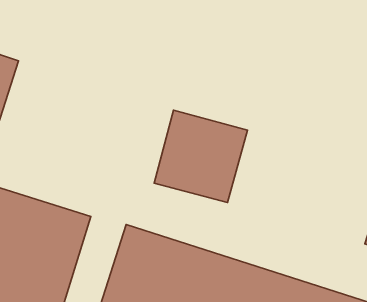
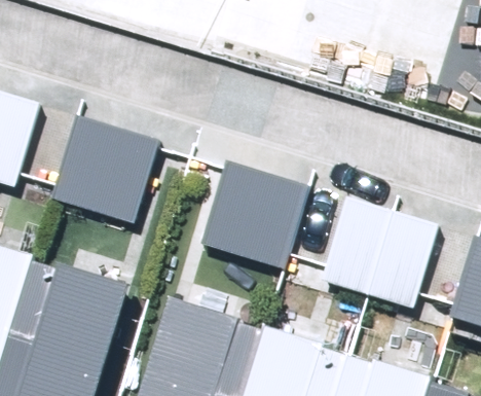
building: none -> [52,117,158,221]
building: none -> [322,196,441,309]

